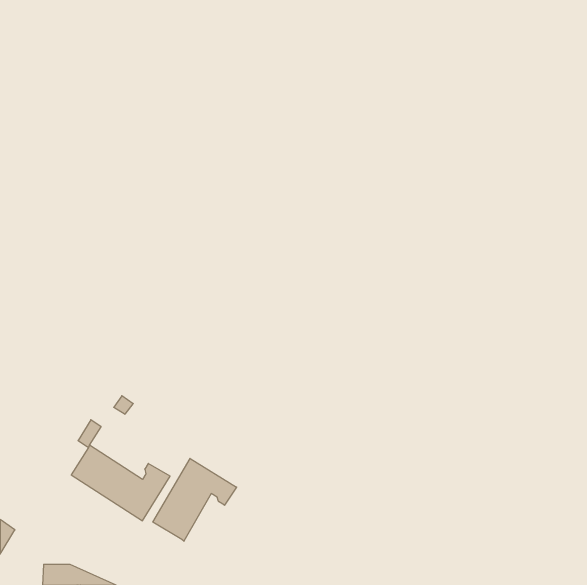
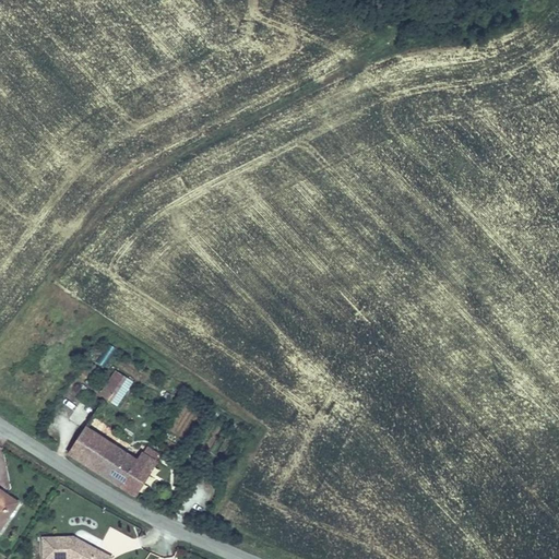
building: [153,458,237,541] -> none

